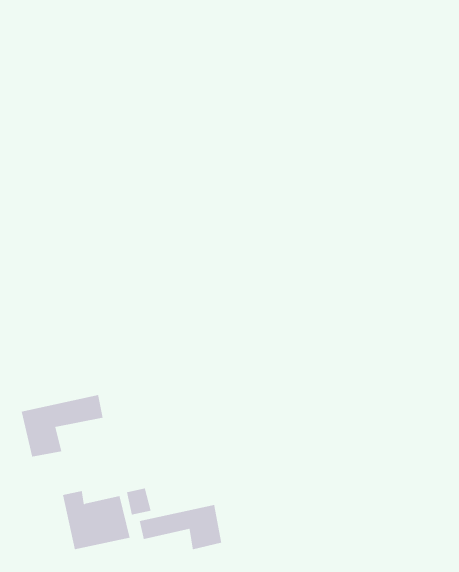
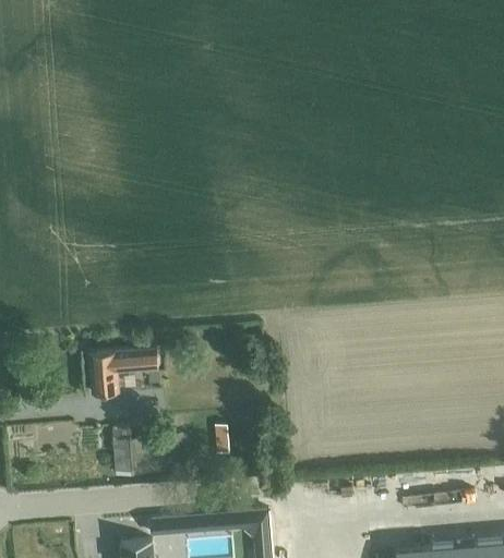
building: [139,504,222,550] -> none

